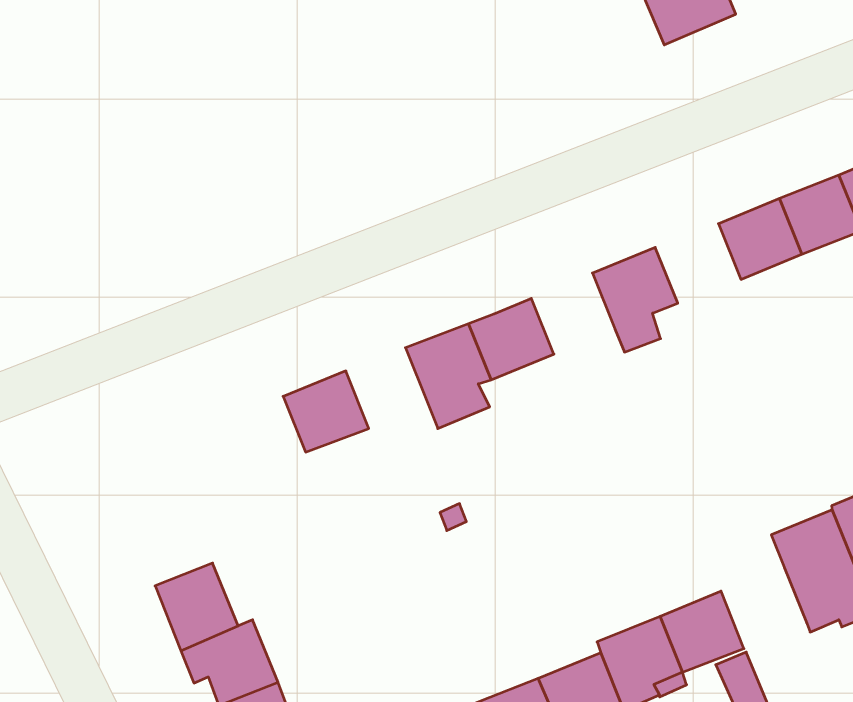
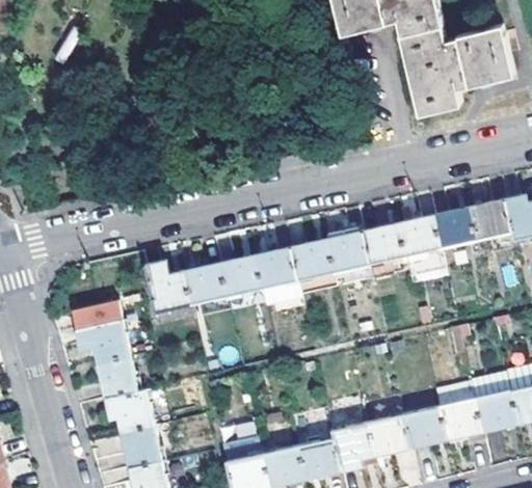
building: none -> [397,216,446,277]
building: none -> [325,232,368,272]
building: none -> [218,255,260,296]
building: none -> [142,261,189,311]
building: none -> [71,302,129,362]
building: none -> [402,408,446,449]

